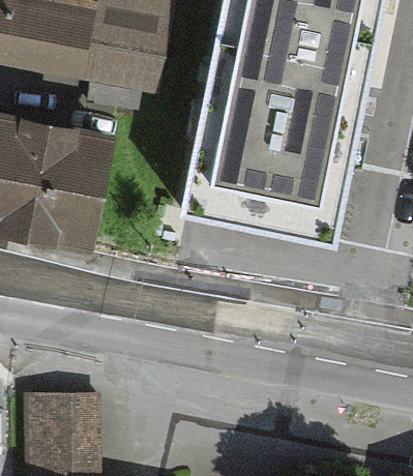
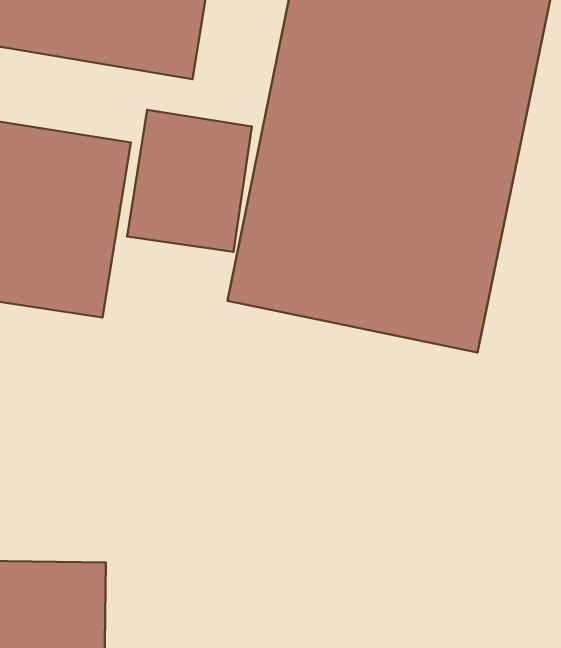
building: none -> [127,110,252,252]

